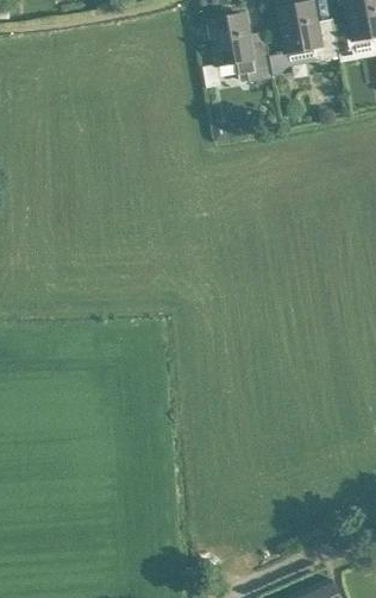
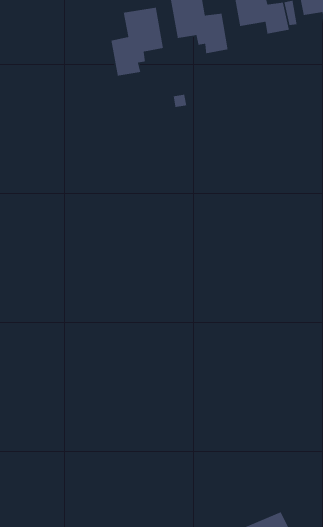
building: none -> [111,7,164,77]

